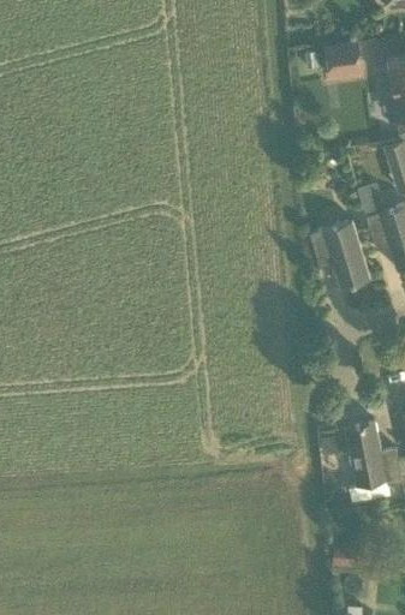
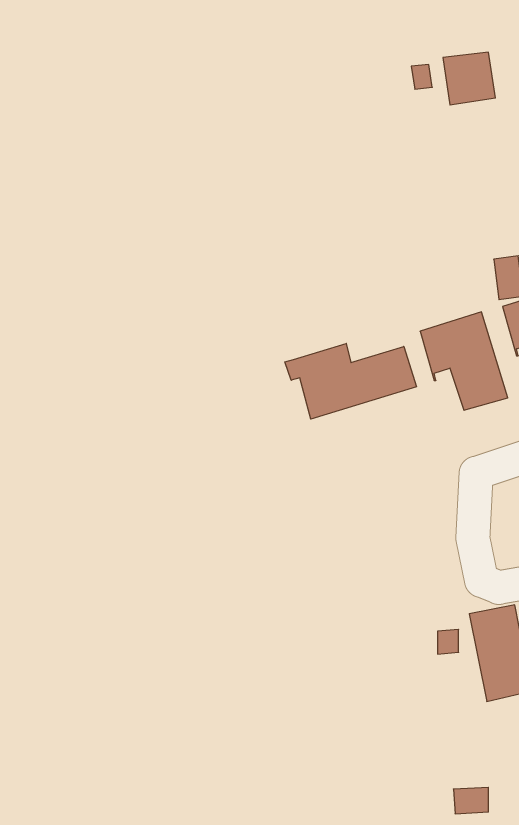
building: none -> [285,343,417,419]

